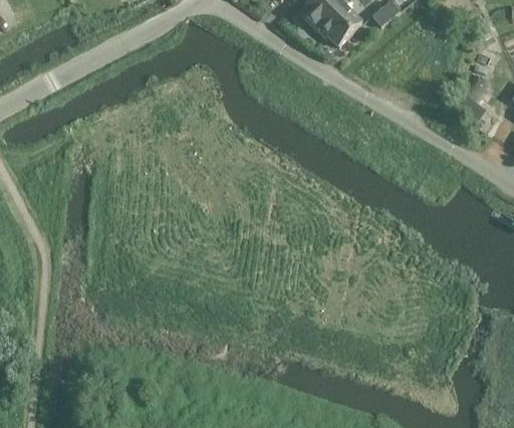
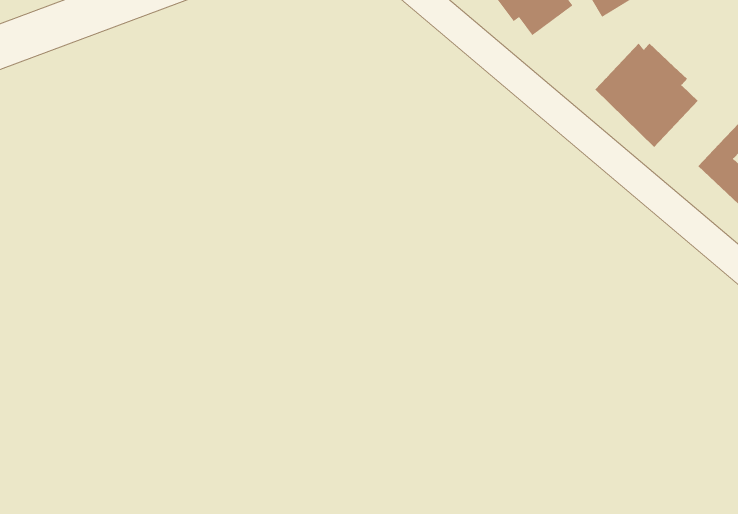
building: none -> [594,42,699,148]

